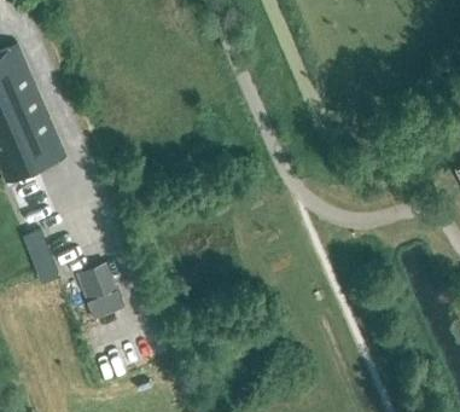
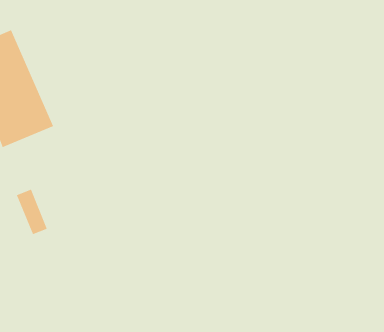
building: [77,263,124,320] -> none

